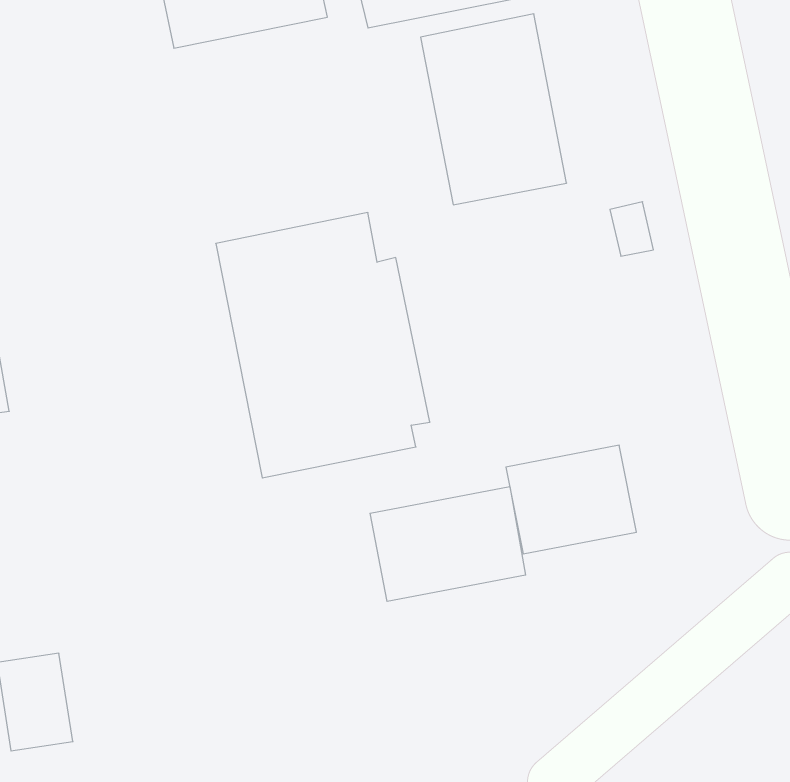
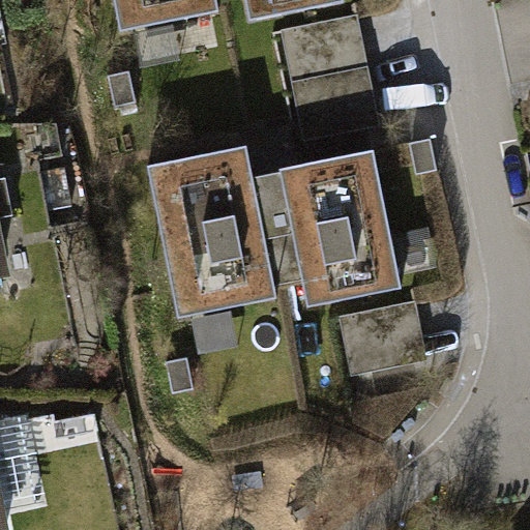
building: none -> [264,150,402,304]
building: [370,486,526,601] -> none

